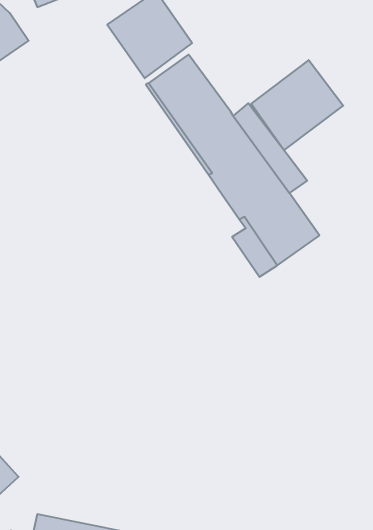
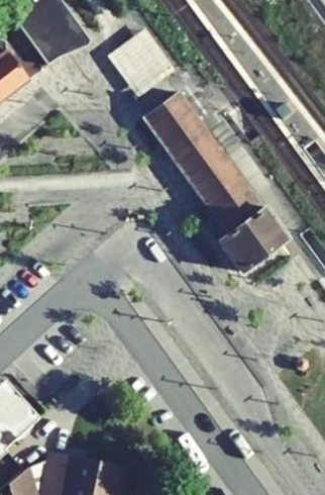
building: [251,60,343,150] -> none

